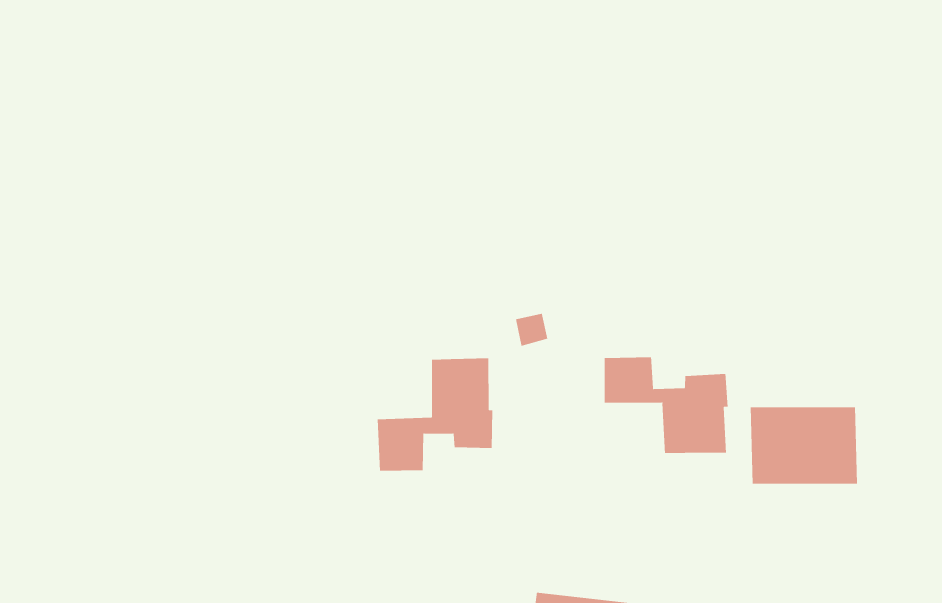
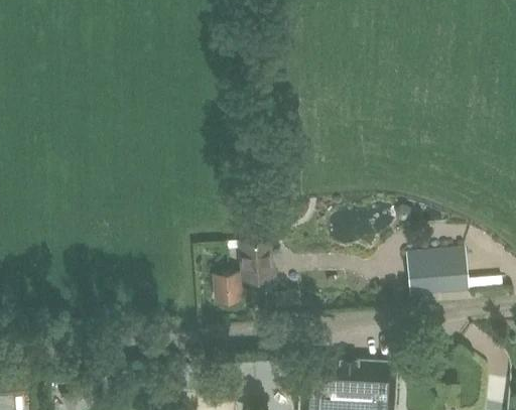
building: [604,356,728,454] -> none

